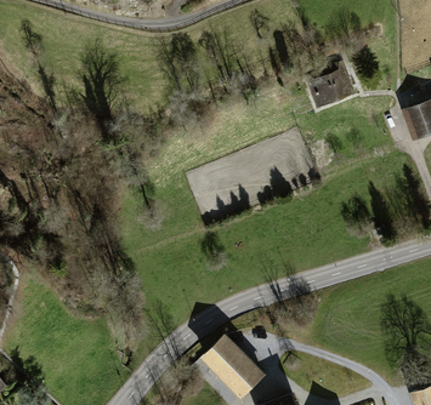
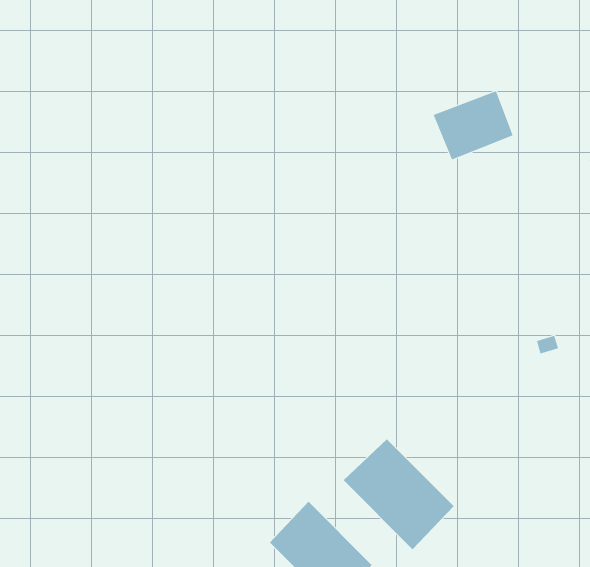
building: none -> [343,438,454,550]

